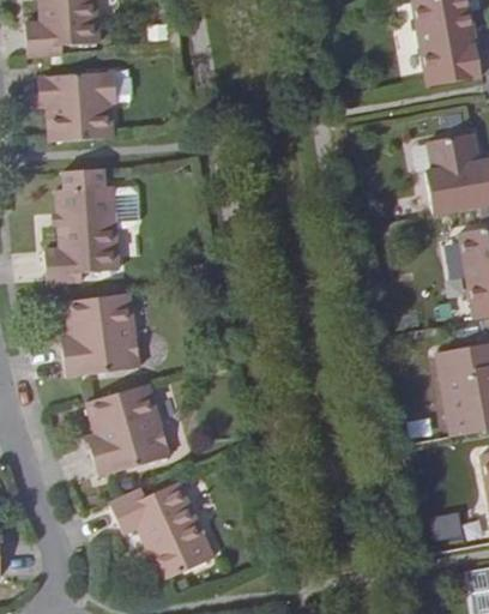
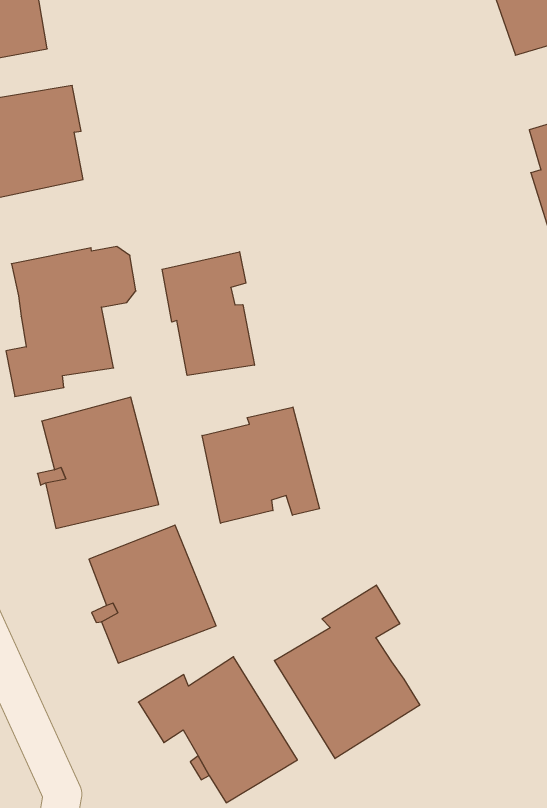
building: none -> [162,252,254,375]
building: none -> [202,407,319,523]
building: none -> [274,585,420,759]

